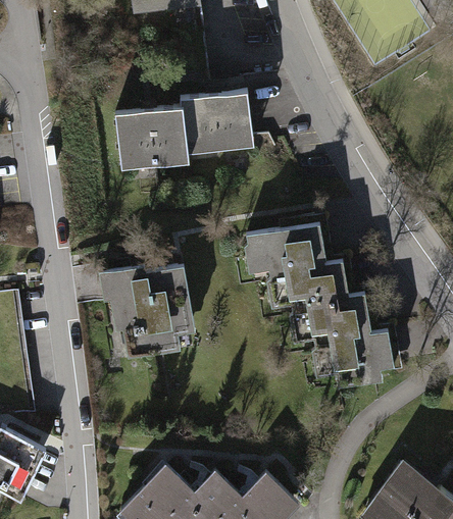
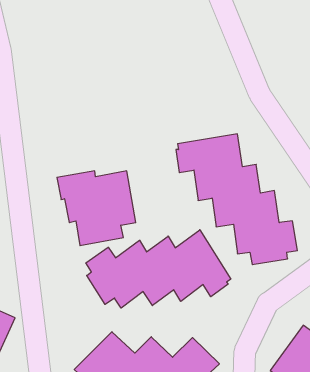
building: [113,91,255,171] -> none
building: none -> [86,230,231,308]

